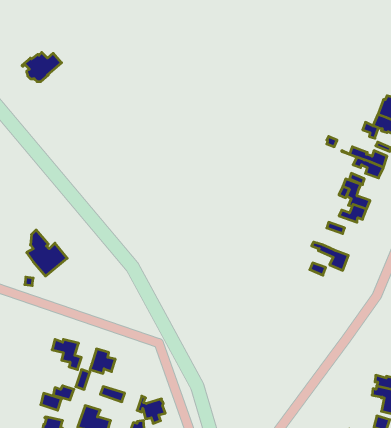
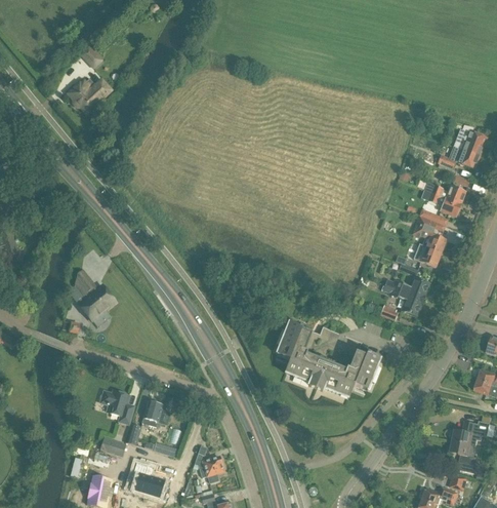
building: none -> [388,277,428,299]
building: none -> [277,321,380,397]

